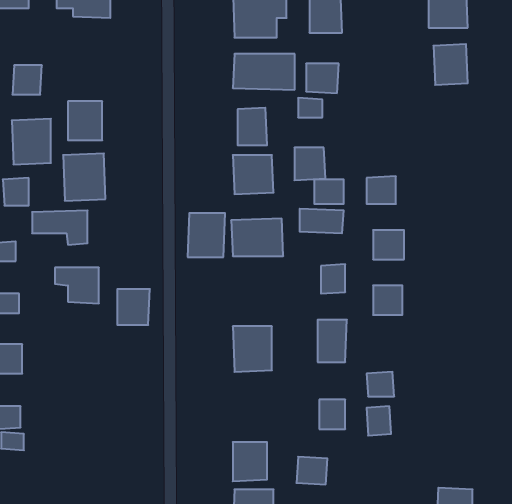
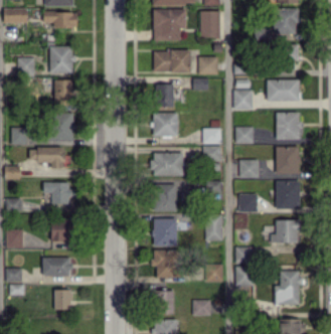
building: none -> [267,79,300,101]
building: [12,119,51,164] -> [49,45,73,73]
building: [294,148,325,180] -> [233,90,253,110]
building: none -> [276,112,300,140]
building: none -> [276,146,300,174]
building: [188,213,225,257] -> [154,184,177,211]
building: none -> [276,181,300,209]
building: [117,289,150,325] -> [51,218,71,240]
building: none -> [271,219,299,242]
building: none -> [154,249,179,277]
building: none -> [43,258,71,276]
building: none -> [275,271,301,305]
building: none -> [54,289,72,309]

